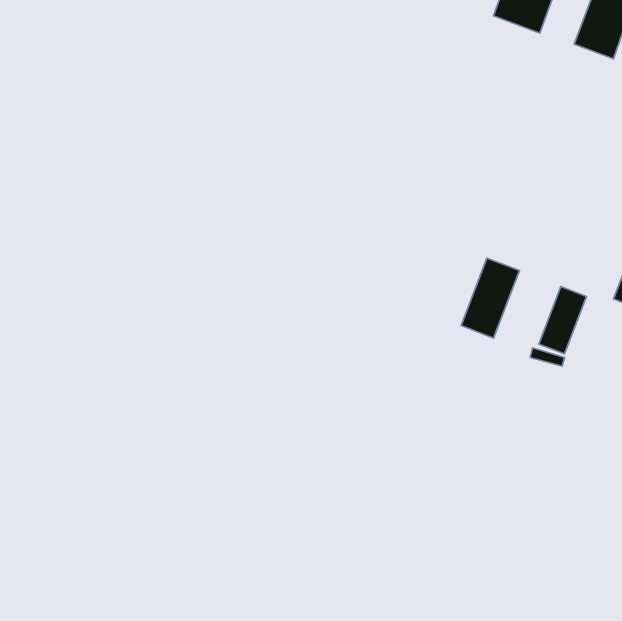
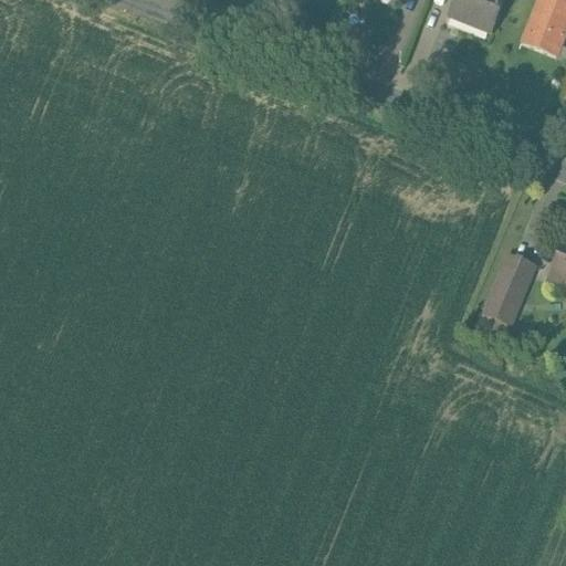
building: [461,258,519,338] -> none

